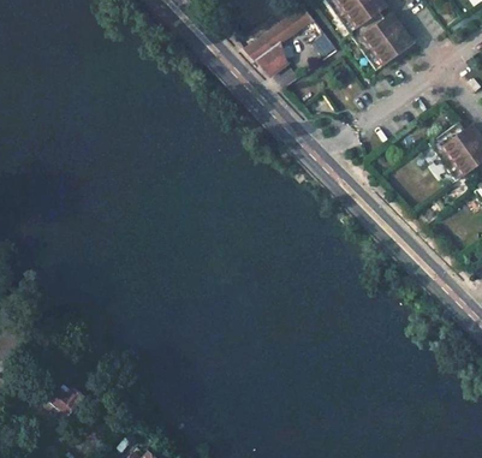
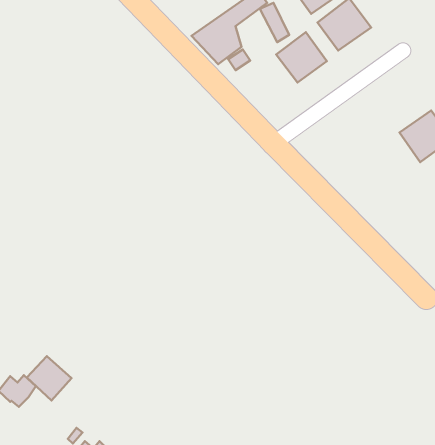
building: none -> [276,32,327,82]
building: none -> [27,356,72,401]

